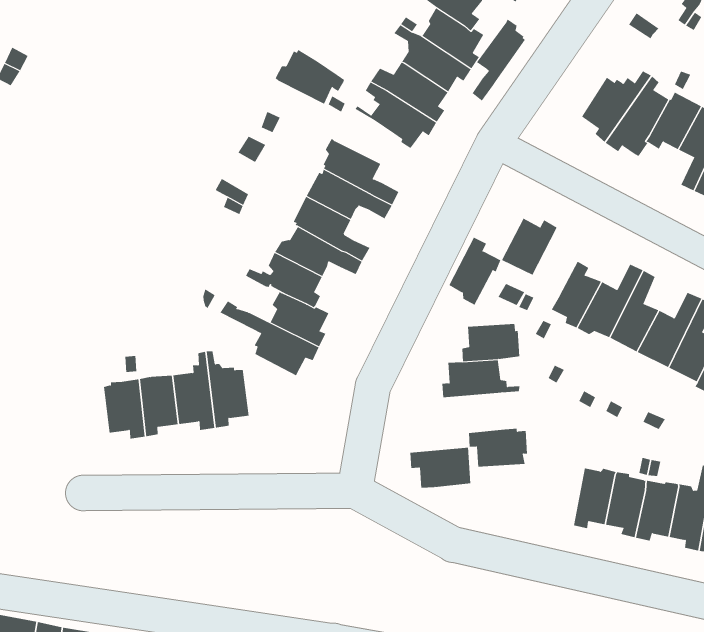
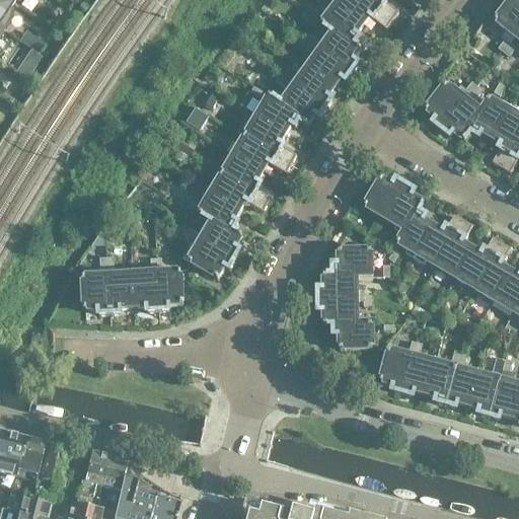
building: [472,18,526,101] -> none
building: [275,49,345,104] -> [251,93,300,133]
building: [449,237,501,305] -> [385,184,423,232]
building: [409,447,471,488] -> [317,297,359,323]
building: none -> [380,348,413,392]

